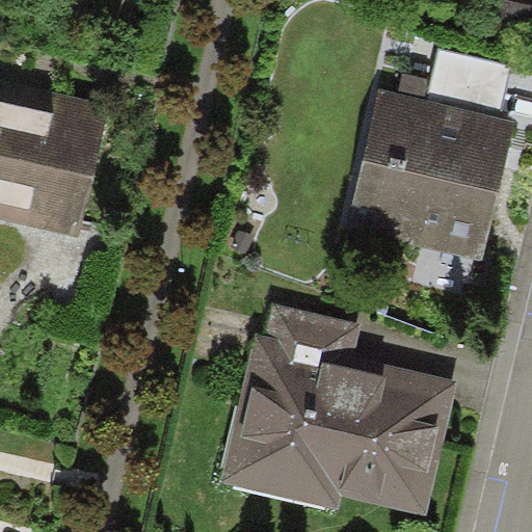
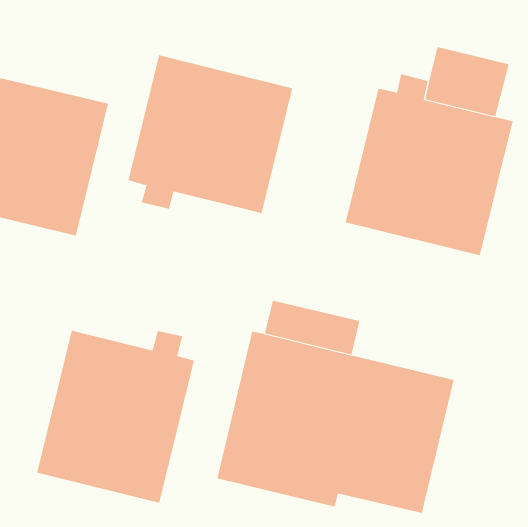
building: none -> [128,54,293,214]
building: none -> [37,330,194,504]

